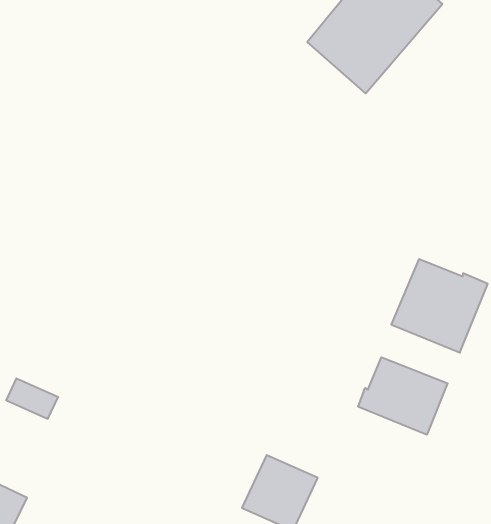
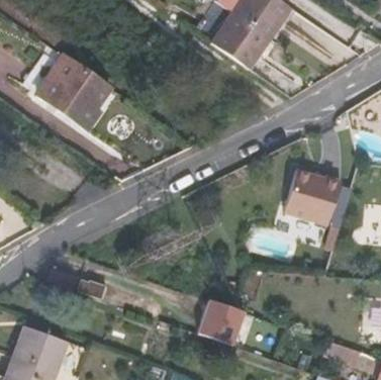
building: none -> [36,55,109,128]
building: [358,357,448,435] -> none

